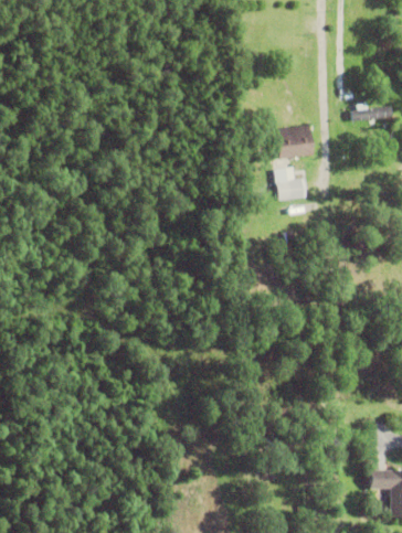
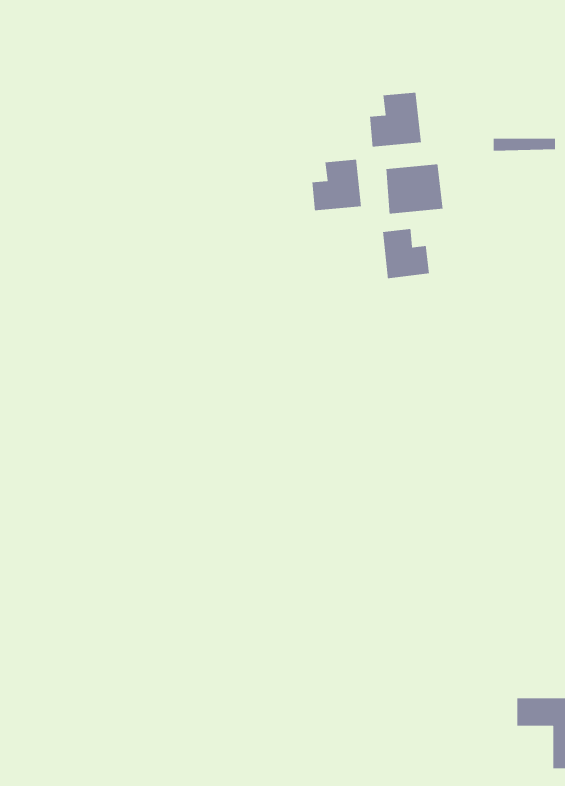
building: none -> [369,92,422,147]
building: none -> [311,159,362,211]

